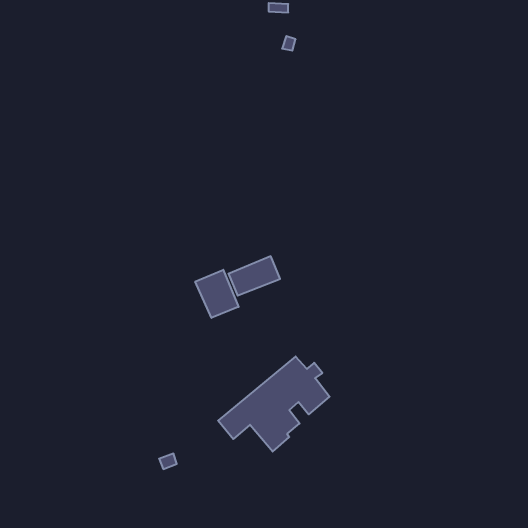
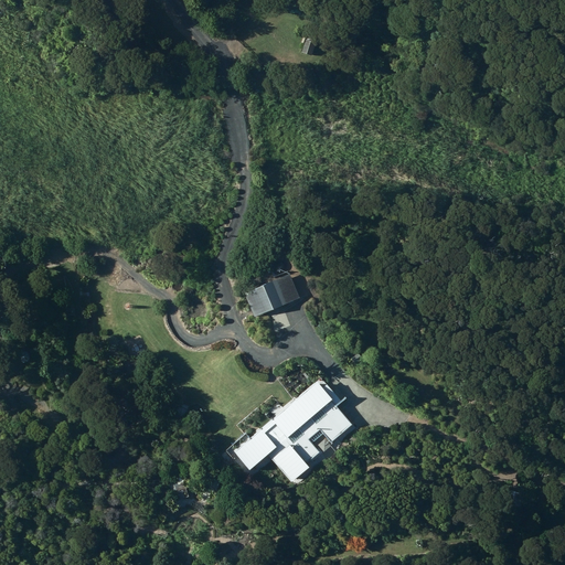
building: [195,270,239,318] -> none

